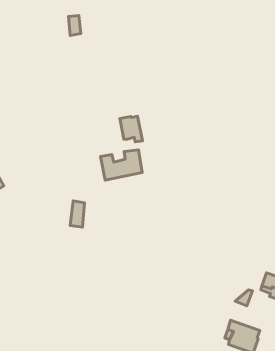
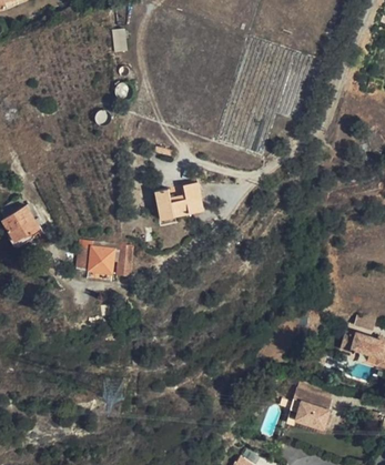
building: [120,116,143,142] -> none
building: none -> [73,241,112,274]

